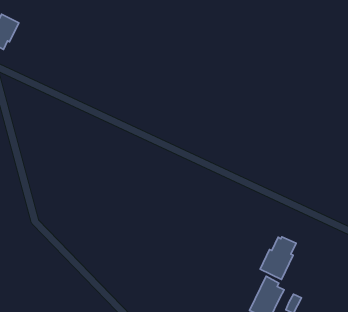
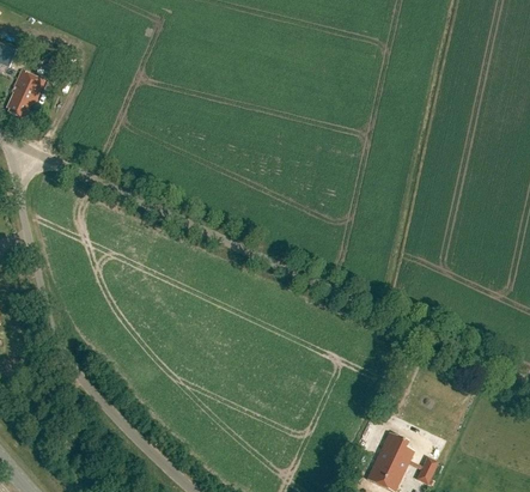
building: [260,237,296,279] -> none

